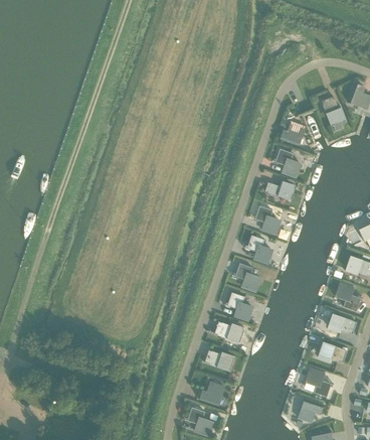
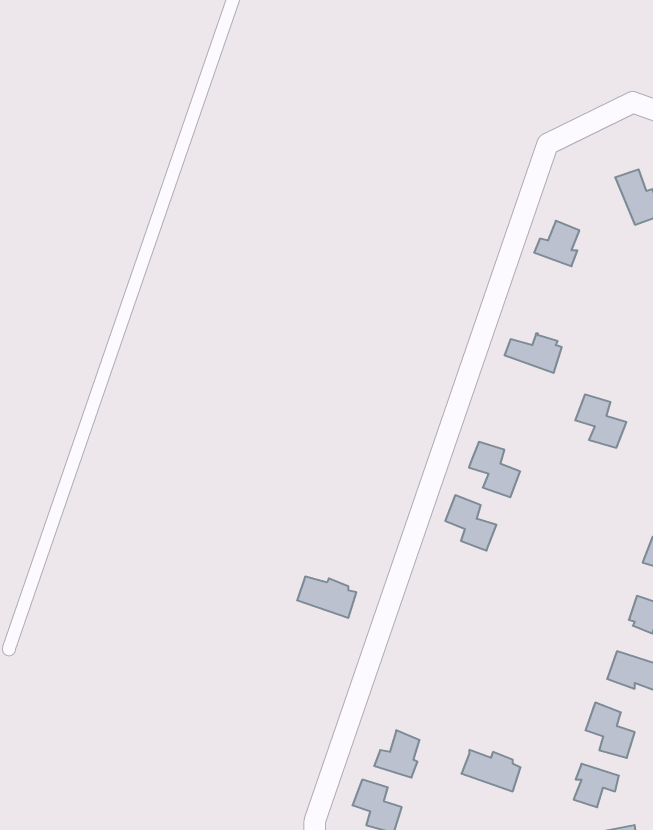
building: [273,148,300,176] -> none
building: [253,205,280,233] -> [575,394,626,448]
building: [226,291,251,319] -> none
building: [213,321,243,342] -> [297,577,356,618]
building: [203,349,233,371] -> [461,750,521,791]

